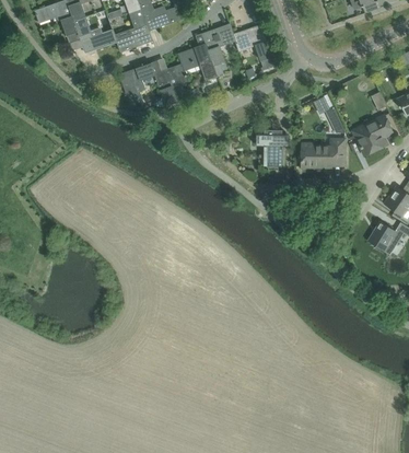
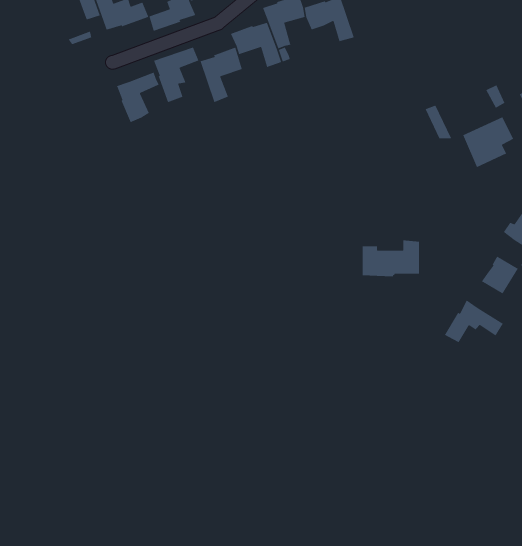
building: none -> [115,72,159,123]
building: [264,129,282,166] -> none
building: [302,139,346,167] -> [362,240,420,277]
building: none -> [444,299,504,343]

